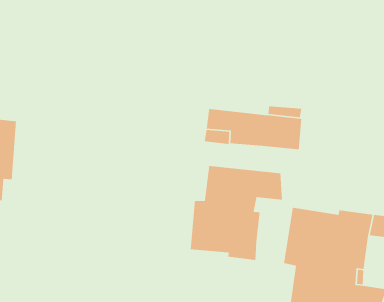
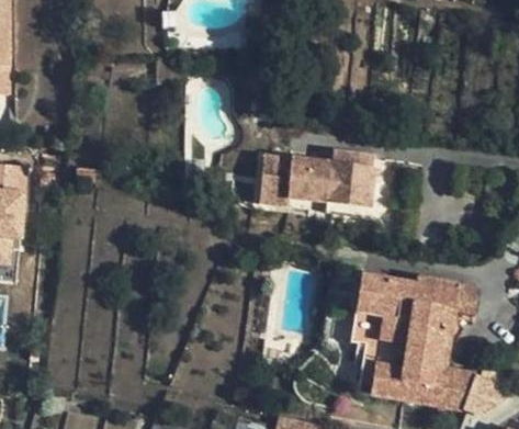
building: [190,165,283,261] -> none

